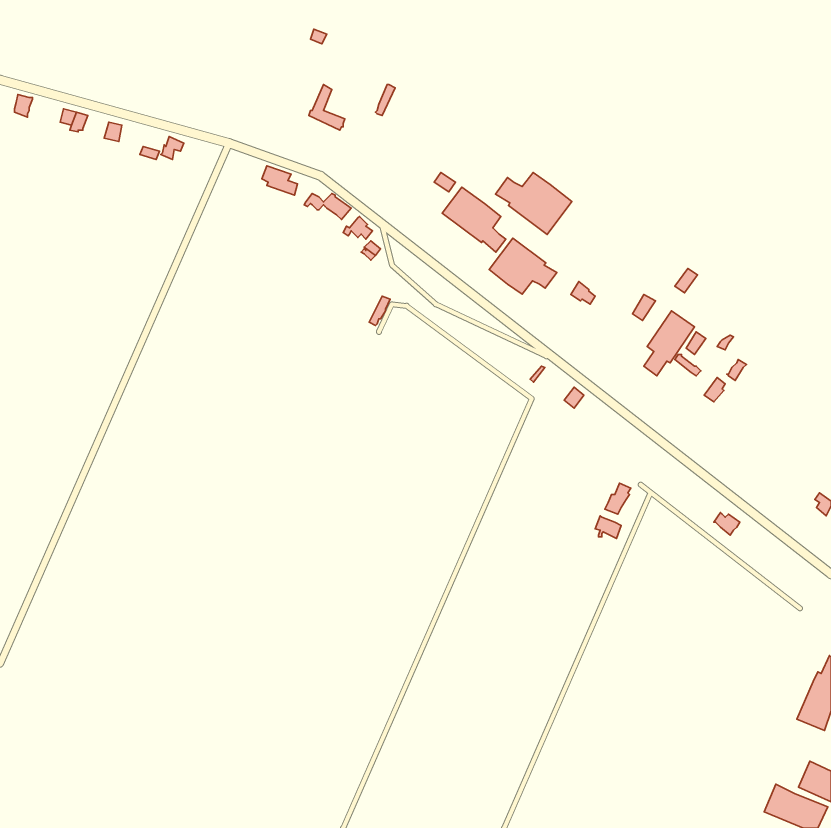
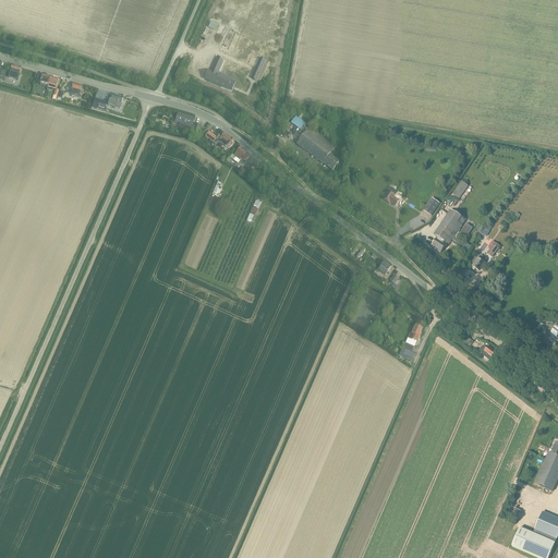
building: [495,173,572,234] -> none
building: [489,238,557,294] -> none

